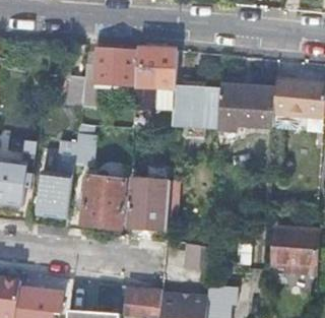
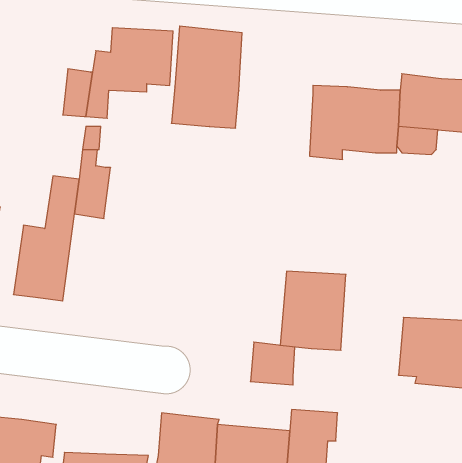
building: [172,82,220,127] -> none
building: [81,176,124,229] -> none
building: [126,179,167,228] -> [280,271,346,350]

